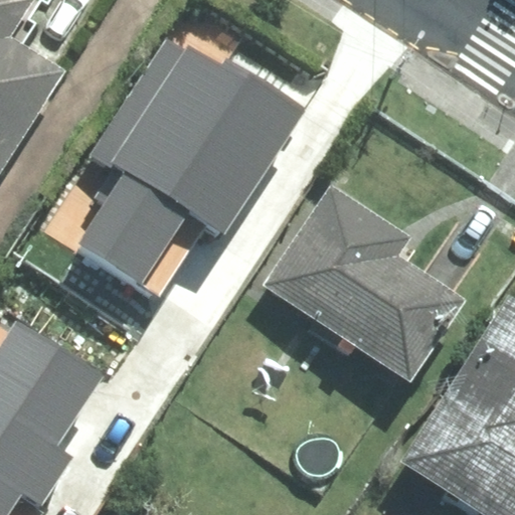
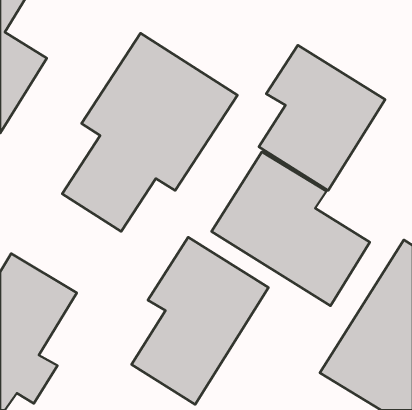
building: none -> [259,45,385,190]
building: none -> [131,237,269,405]

